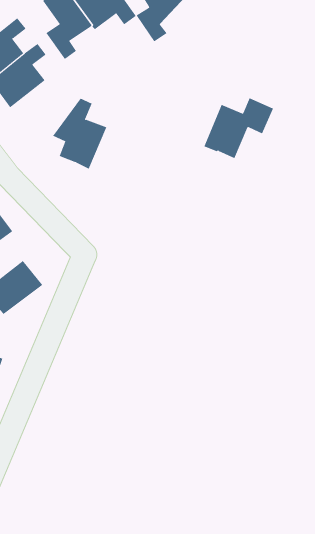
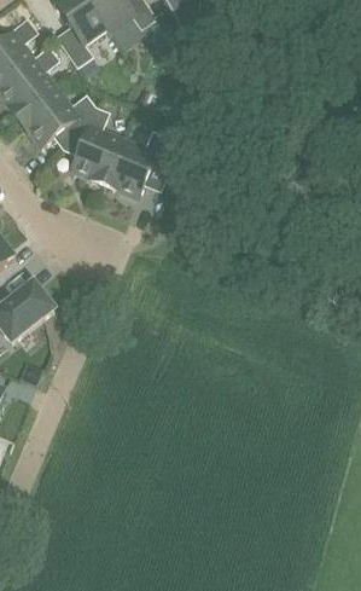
building: none -> [17,88,93,149]
building: [203,97,274,159] -> [103,132,179,198]

